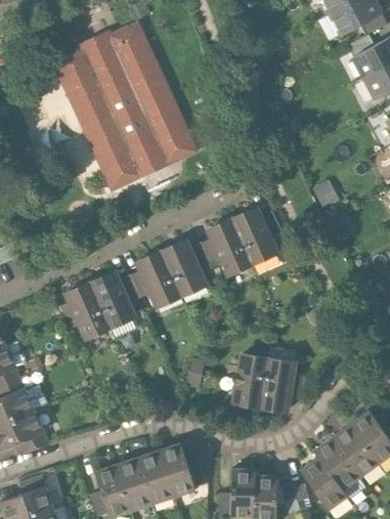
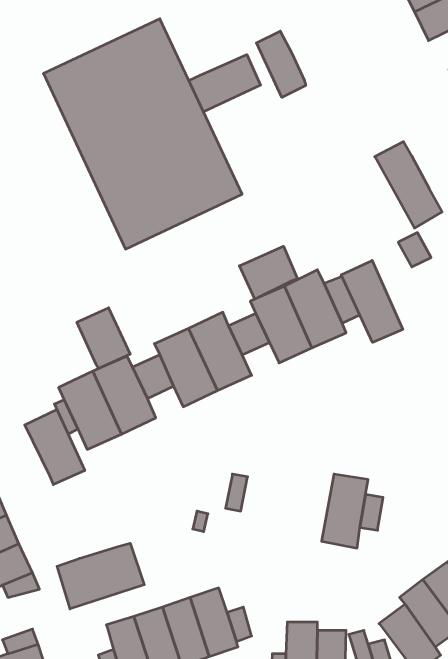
building: none -> [256,31,306,97]
building: none -> [189,55,261,112]
building: none -> [375,142,442,228]
building: none -> [239,246,298,299]
building: none -> [341,260,403,342]
building: none -> [77,308,130,369]
building: none -> [25,410,85,485]
building: [231,354,267,409] -> none
building: none -> [57,543,144,609]

